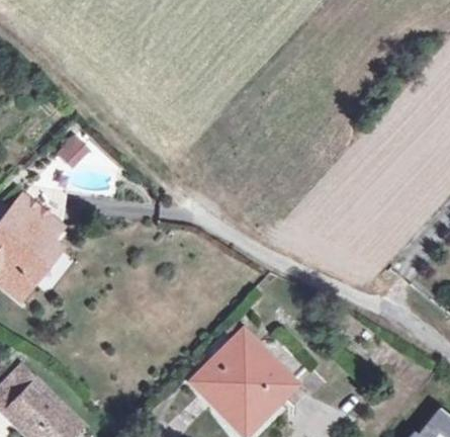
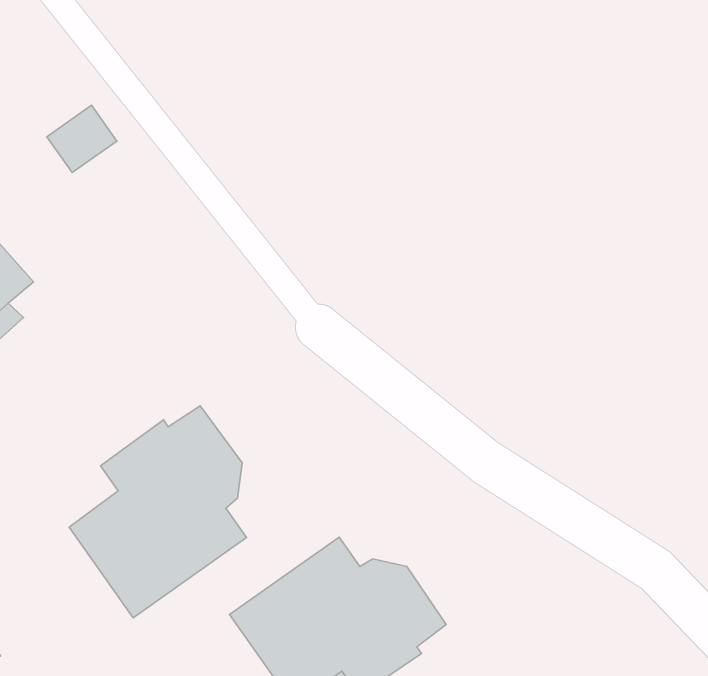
building: none -> [69,406,246,618]

